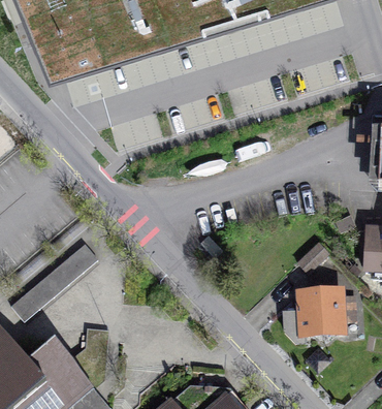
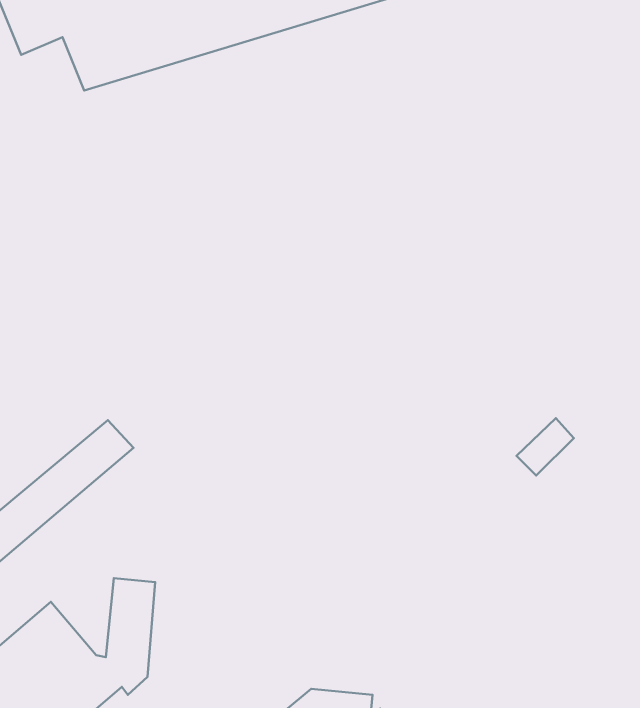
building: [299,293,353,334] -> none

